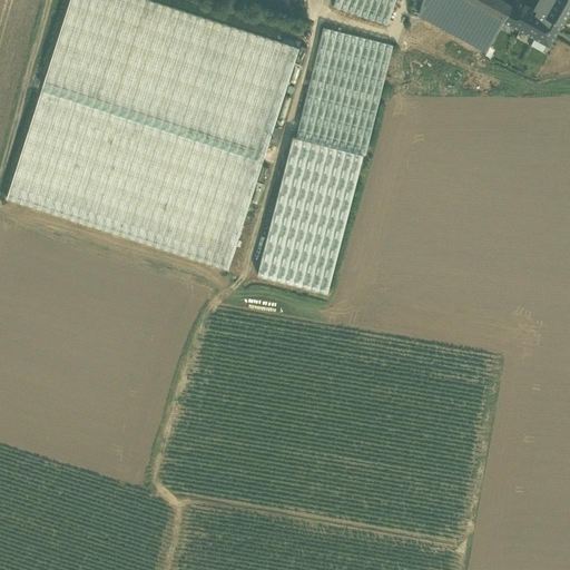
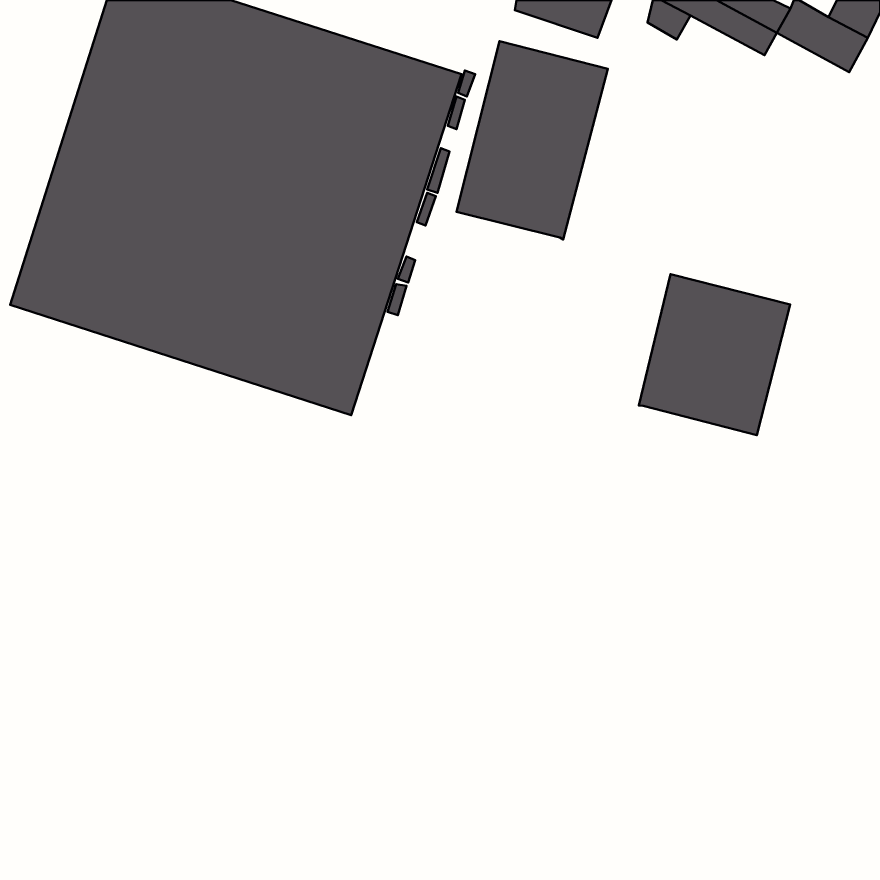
building: [438,10,494,51] -> none
building: [257,137,362,292] -> none
building: none -> [639,274,790,435]

